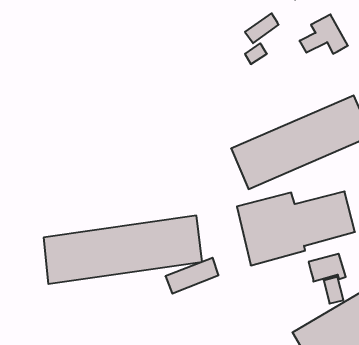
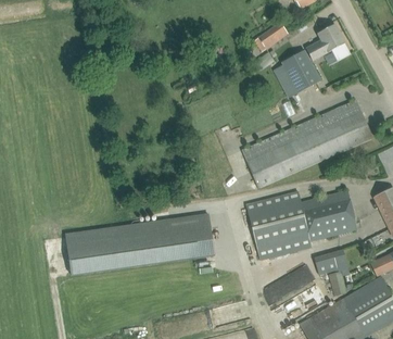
building: none -> [274,49,320,98]
building: [165,258,219,294] -> [262,268,312,302]

